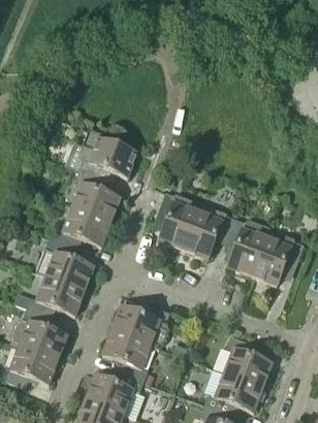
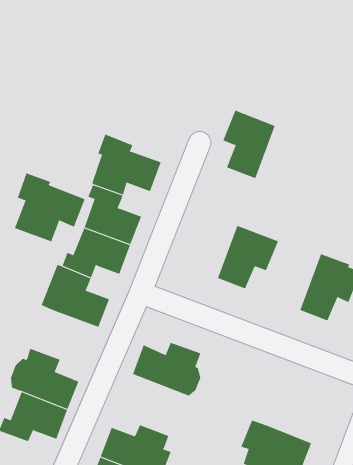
building: none -> [14,172,85,242]
building: [155,192,199,250] -> [223,110,276,179]
building: [224,219,269,276] -> none
building: [26,276,84,318] -> none
building: [102,330,159,382] -> none
building: [223,336,272,388] -> none

